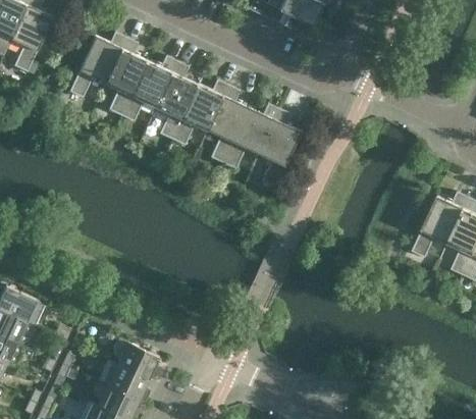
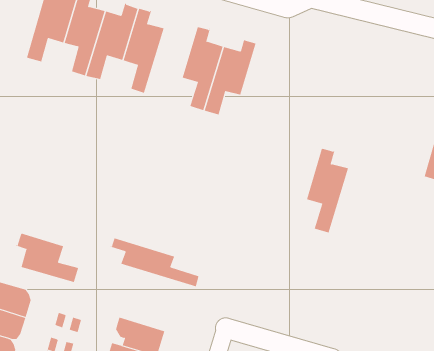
building: [171,80,228,146] -> none
building: [258,108,301,188] -> [306,146,349,233]
building: none -> [15,232,79,283]
building: none -> [110,237,199,287]

